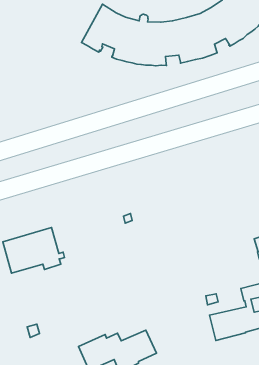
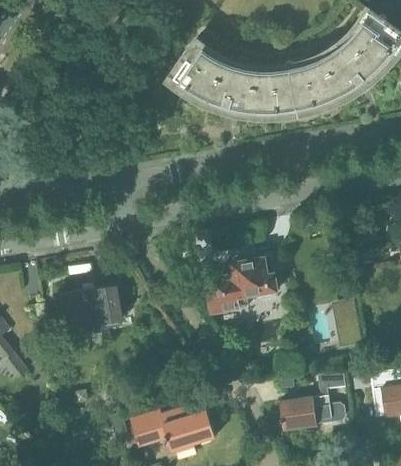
building: none -> [207,256,279,311]

